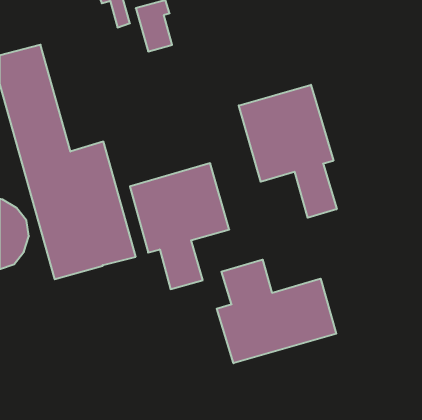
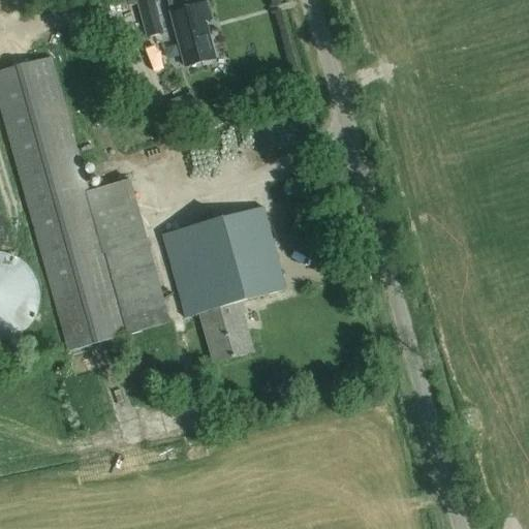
building: [239,85,337,218] -> none
building: [217,260,336,363] -> none

